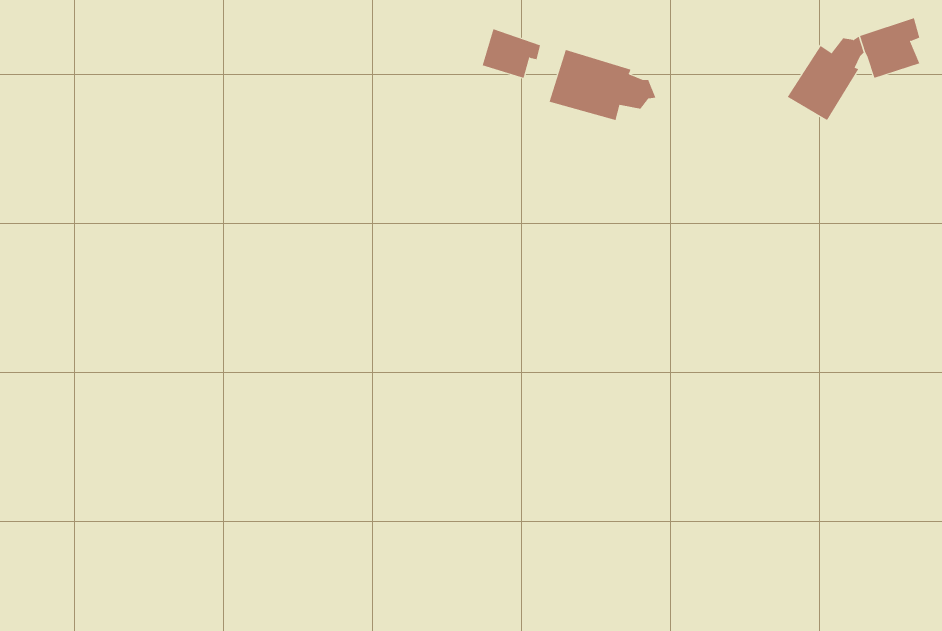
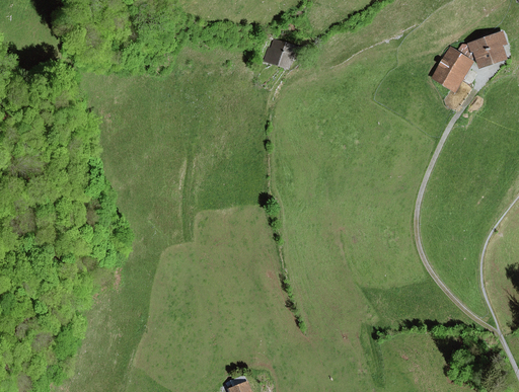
building: [549,49,656,121] -> none

